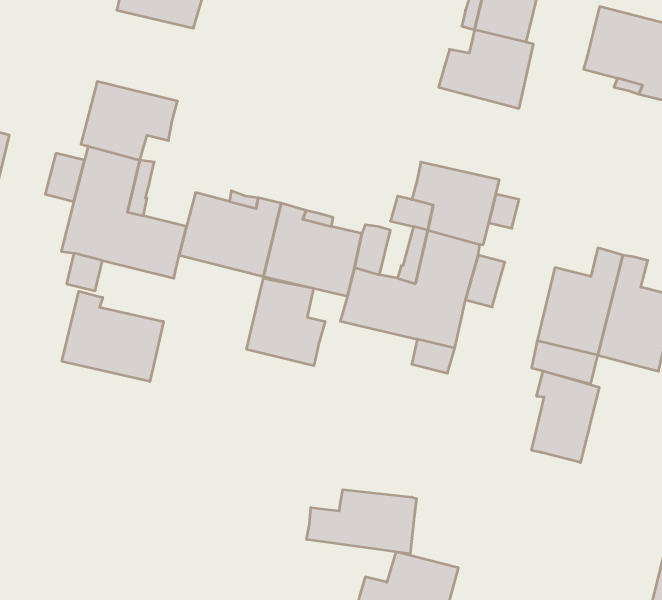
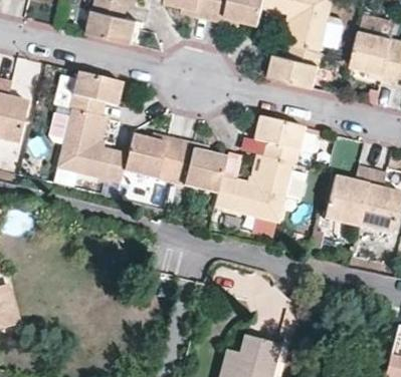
building: [247,278,325,366] -> none
building: [62,291,163,382] -> none
building: [532,371,599,463] -> none
building: [307,490,416,554] -> none

